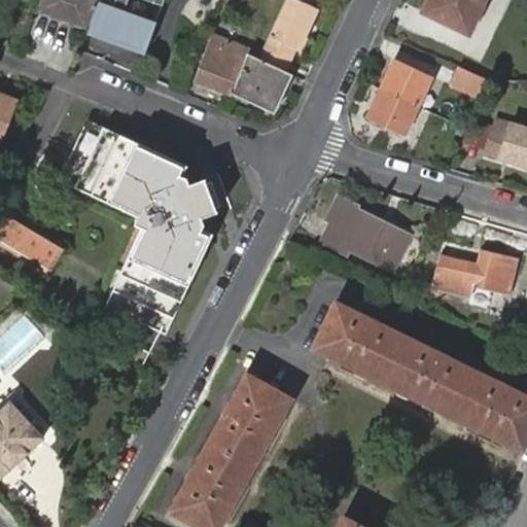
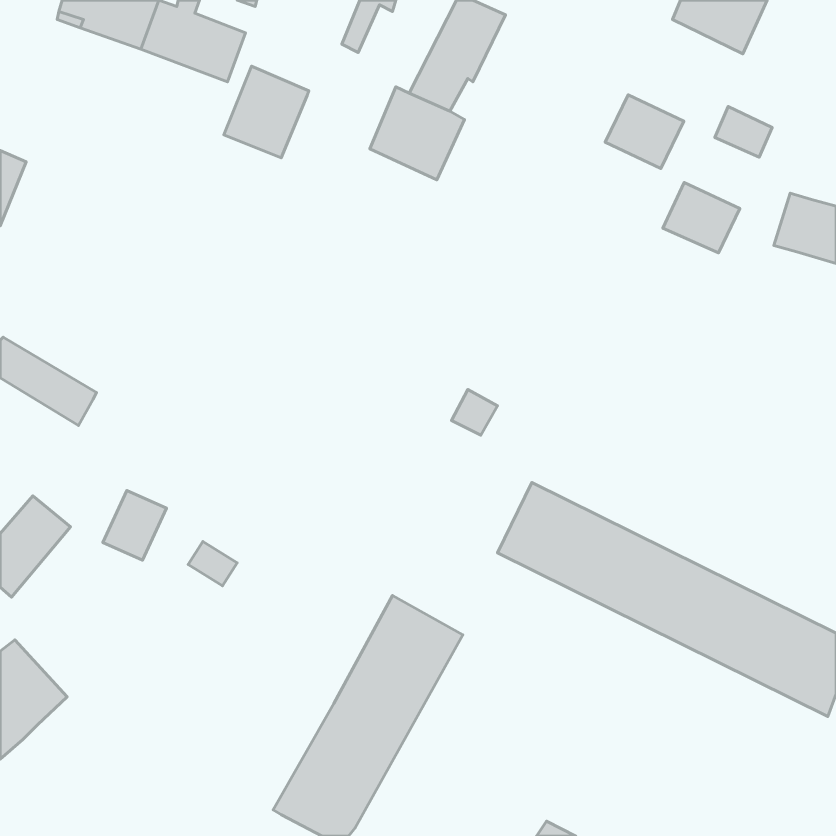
building: [197,36,250,94] -> [224,66,309,158]
building: [367,90,416,134] -> [663,182,740,253]
building: [66,127,217,326] -> none
building: [322,205,409,272] -> none
building: [431,249,518,296] -> none
building: none -> [103,490,166,560]

